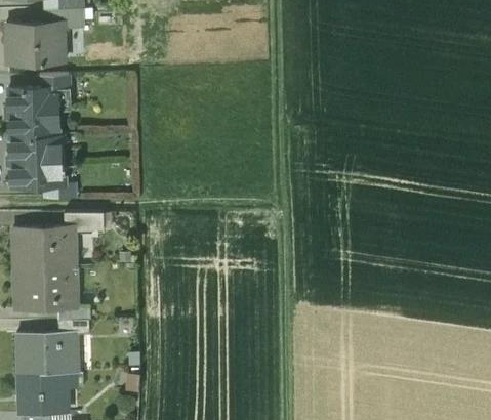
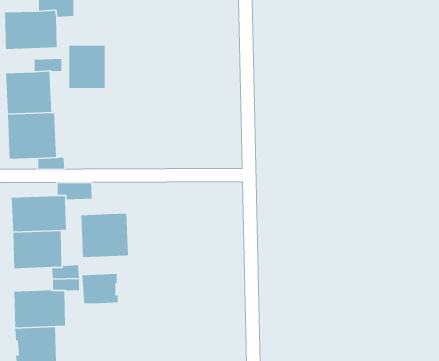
building: none -> [69,45,106,89]
building: none -> [81,213,129,258]
building: none -> [82,273,119,304]

